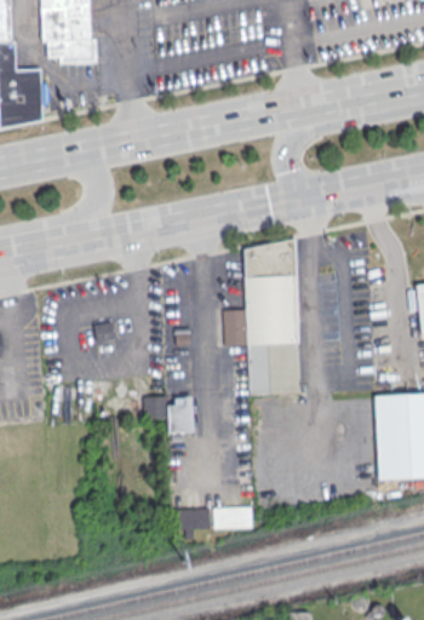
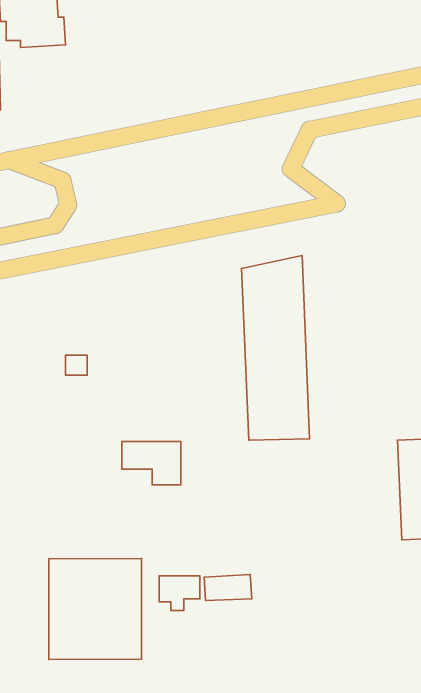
building: none -> [49,559,142,659]

